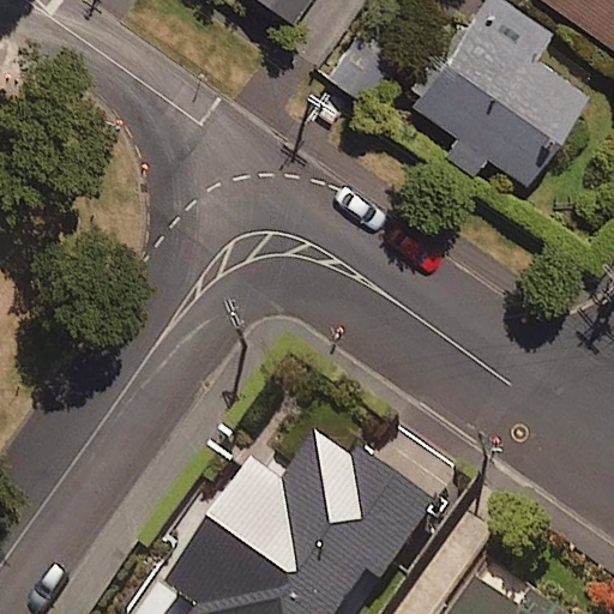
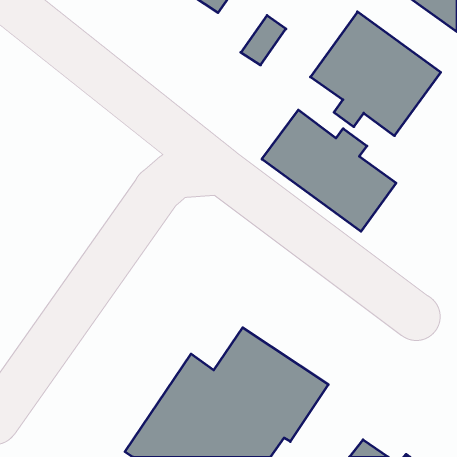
building: none -> [262,110,396,231]

